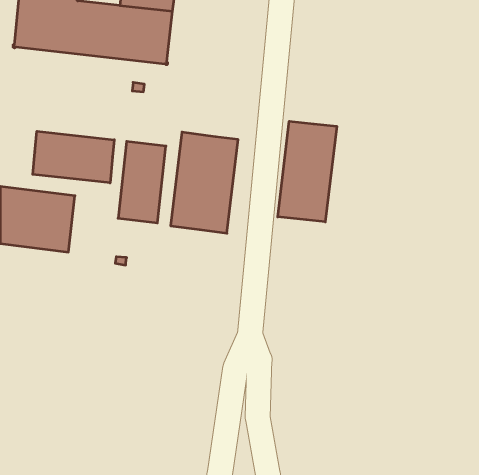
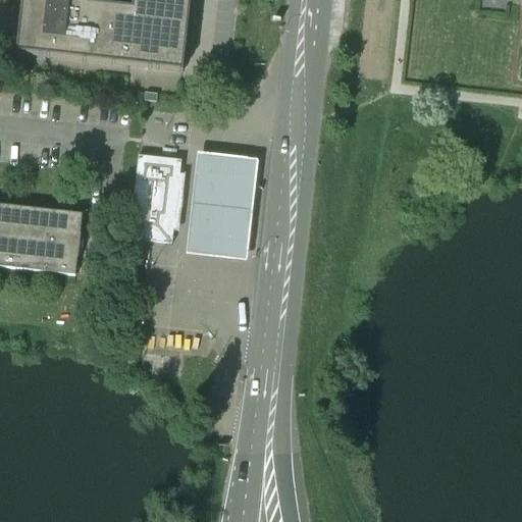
building: [278,121,337,222] -> none
building: [33,131,114,183] -> none

